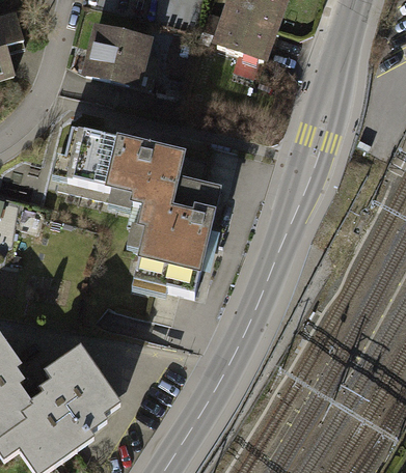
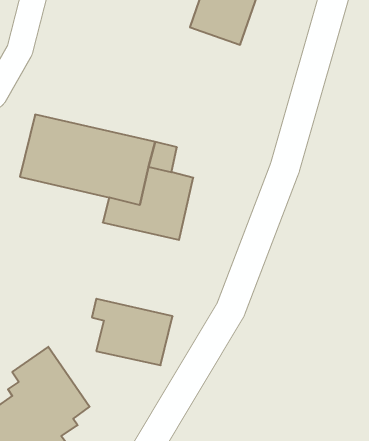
building: [81,20,155,87] -> none
building: [127,227,204,290] -> [92,299,173,365]

